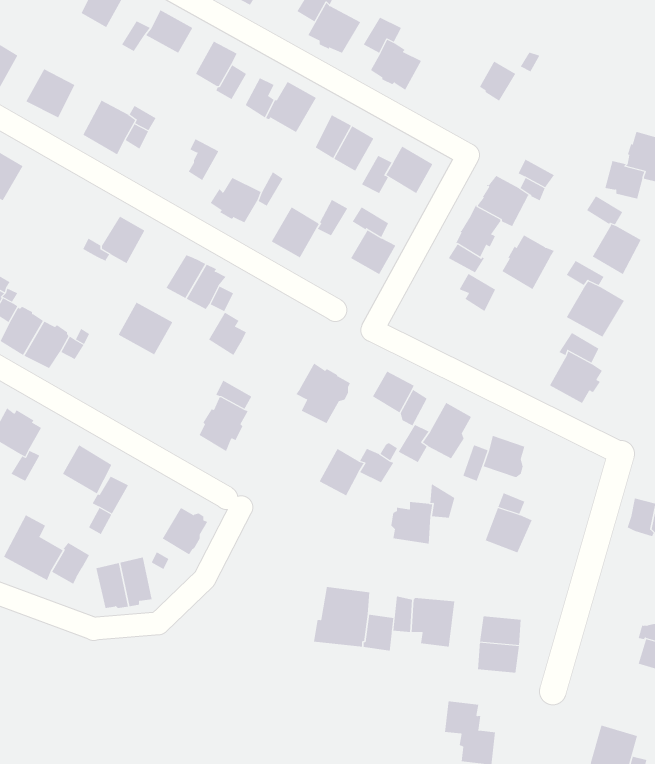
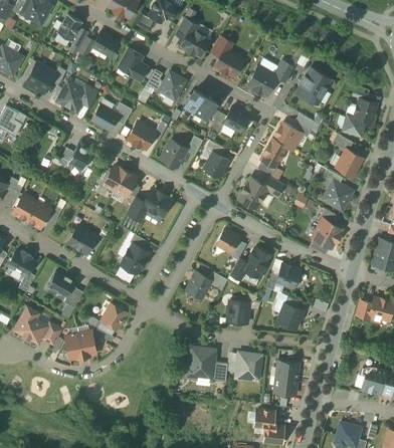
building: none -> [248,65,277,95]
building: none -> [298,68,331,104]
building: none -> [91,104,119,131]
building: [501,234,555,290] -> [239,178,268,208]
building: [118,302,173,355] -> [67,225,97,254]
building: [295,363,351,424] -> [142,188,172,221]

